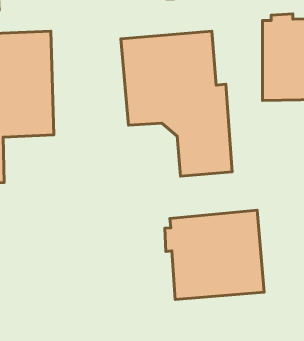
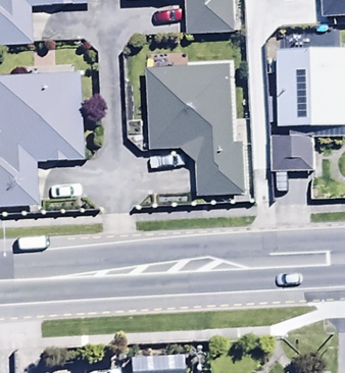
building: none -> [270,134,312,170]
building: [165,210,264,299] -> none

